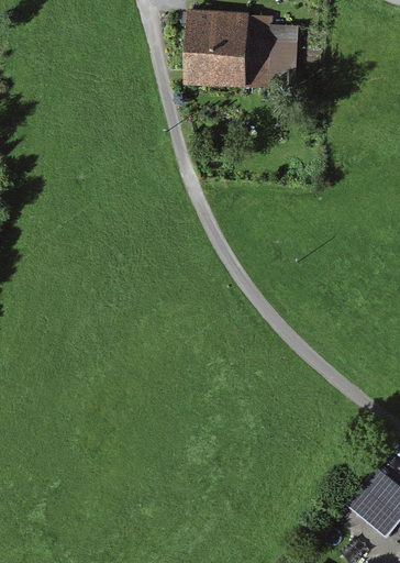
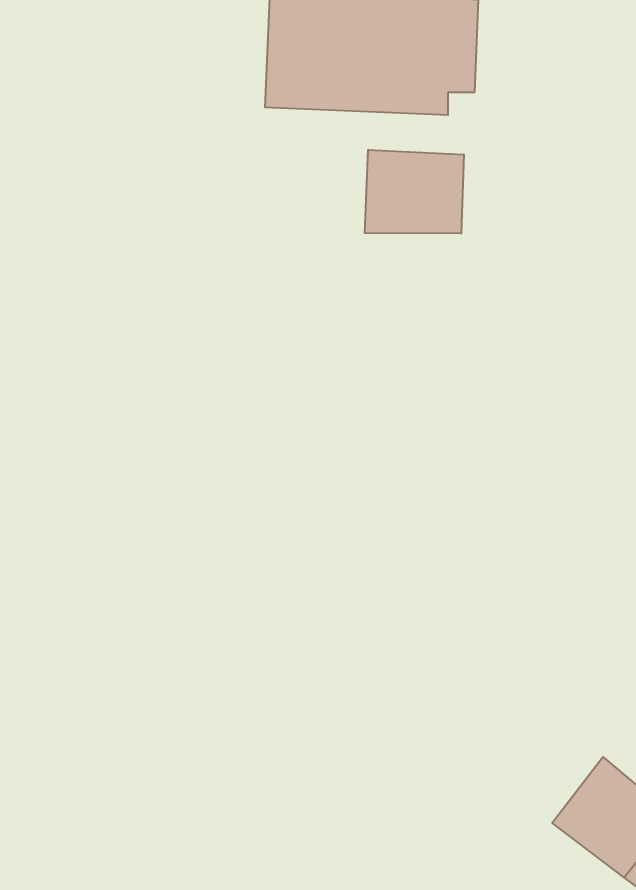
building: none -> [365,150,464,234]

